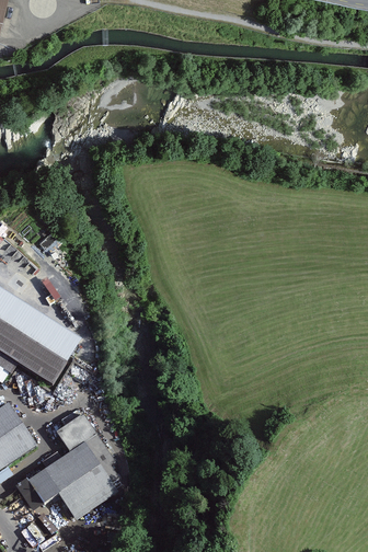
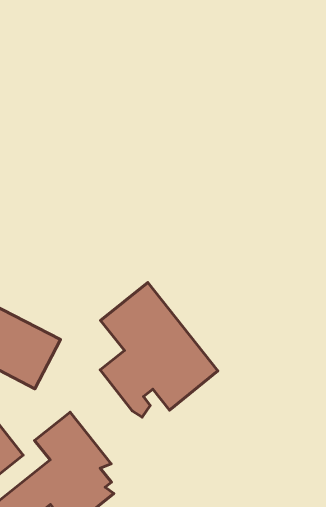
building: none -> [100,283,218,417]

